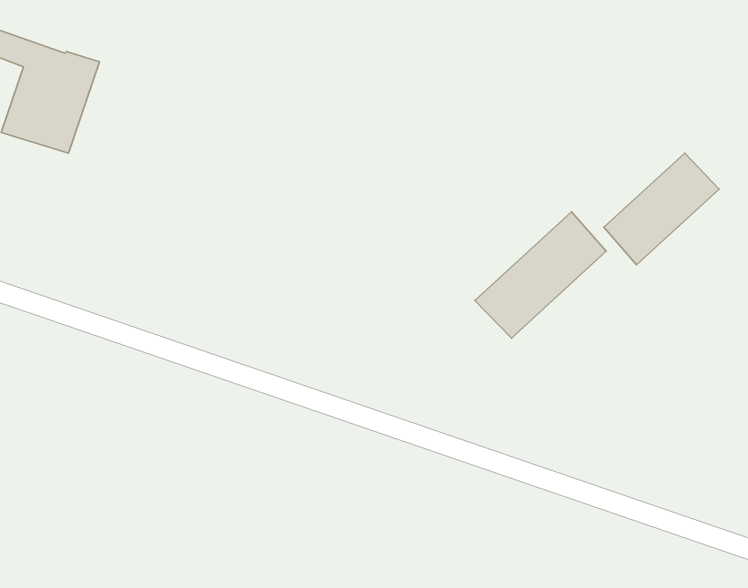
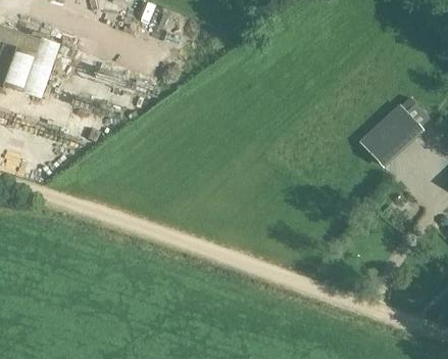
building: [475,212,606,338] -> none

